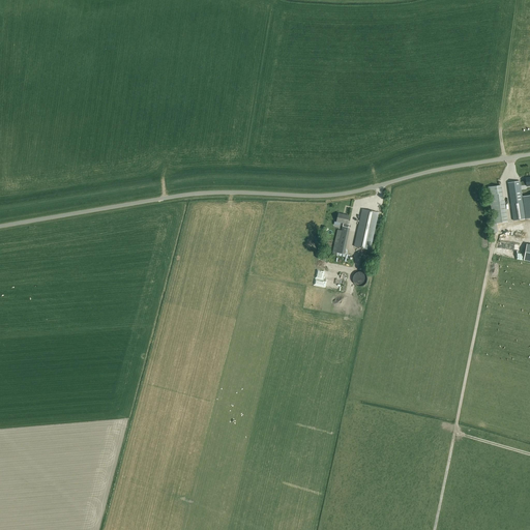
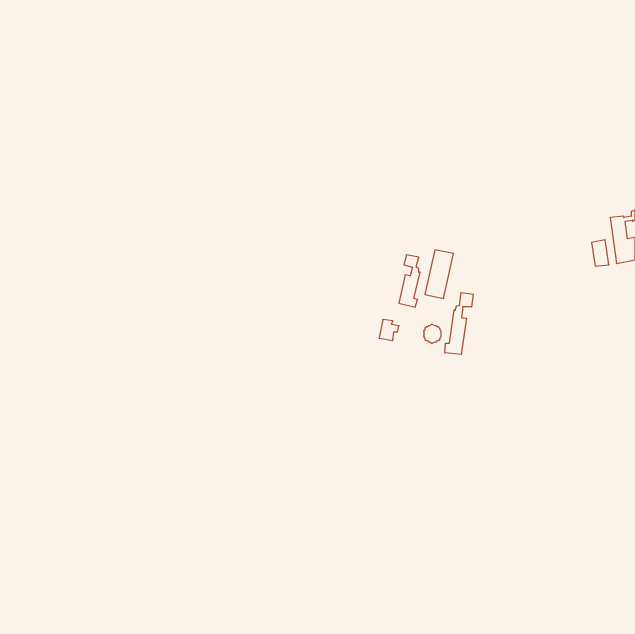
building: none -> [445,293,473,354]

